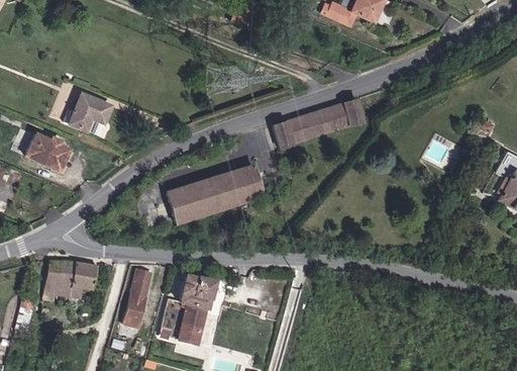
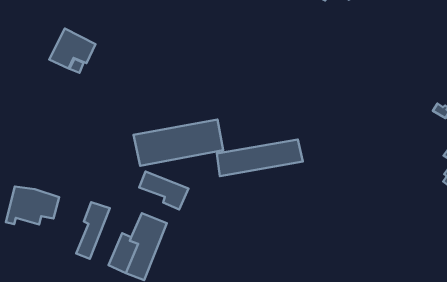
building: [274,99,365,148] -> [217,140,303,176]
building: [25,133,71,172] -> none
building: none -> [139,171,188,209]

